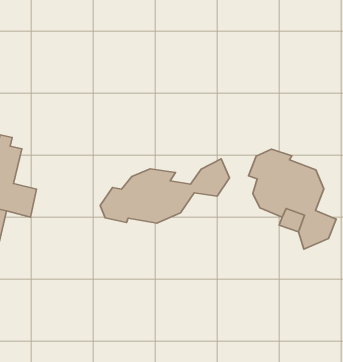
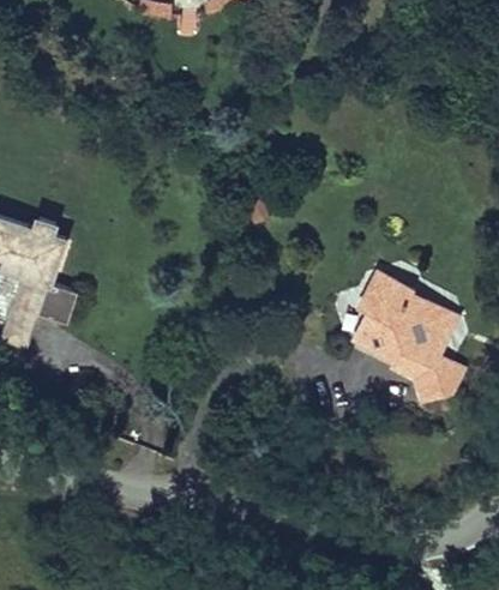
building: [100,159,229,223] -> none

